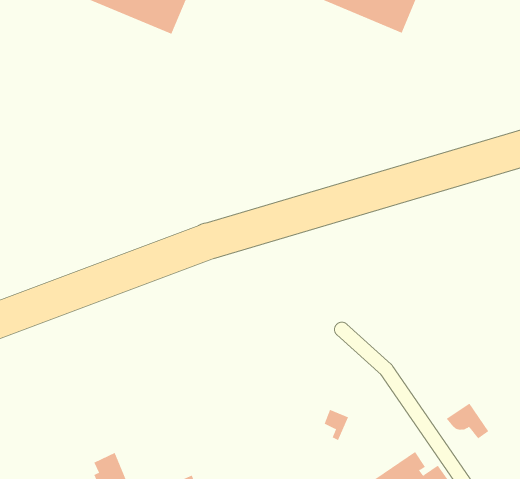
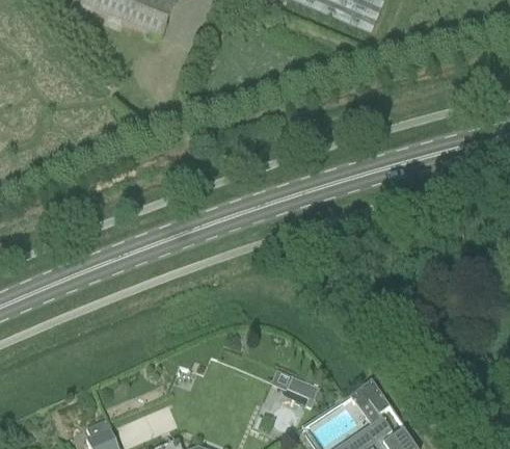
building: [446,403,489,439] -> [349,378,388,412]

